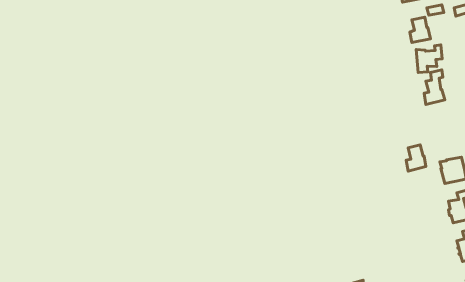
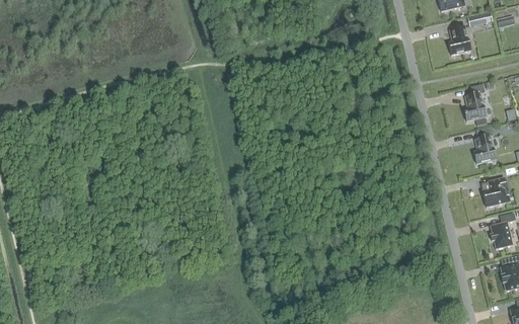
building: [416,45,442,73] -> none
building: [406,145,426,171] -> [473,136,495,164]

